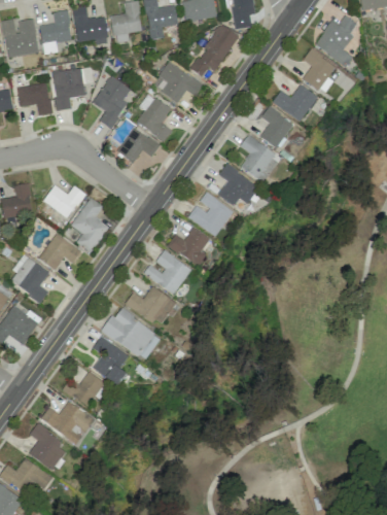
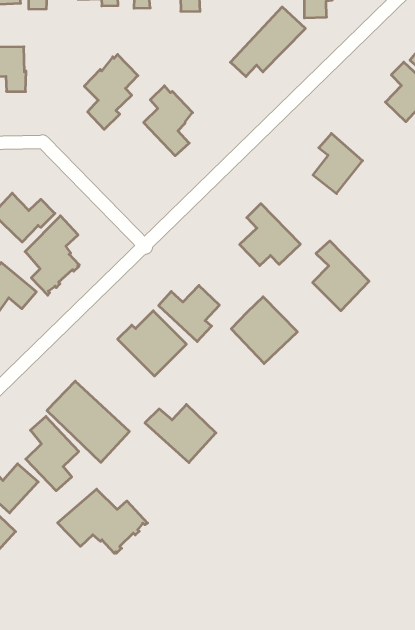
building: [157,60,204,101] -> none
building: [51,62,92,111] -> none
building: [273,85,317,122] -> none
building: [117,128,160,163] -> none
building: [240,136,280,183] -> [313,241,369,311]
building: [188,192,235,238] -> [231,297,297,364]
building: [126,286,176,327] -> [145,404,216,463]
building: none -> [58,489,148,553]

